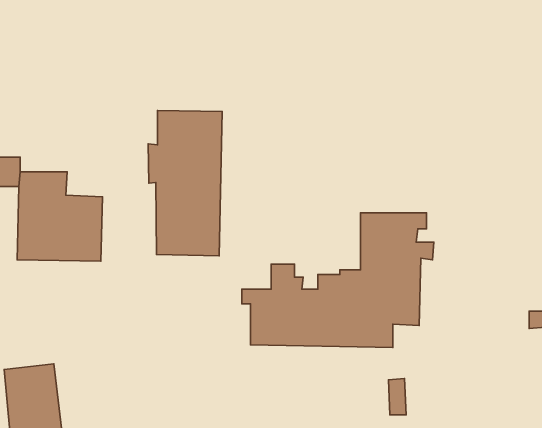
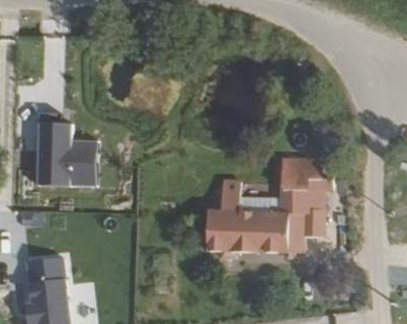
building: [148,111,222,256] -> none

